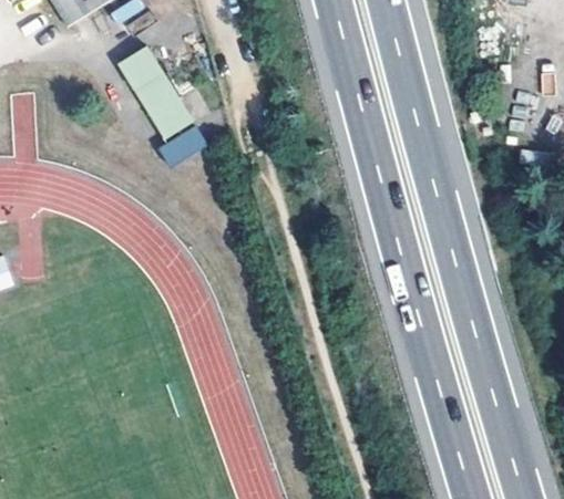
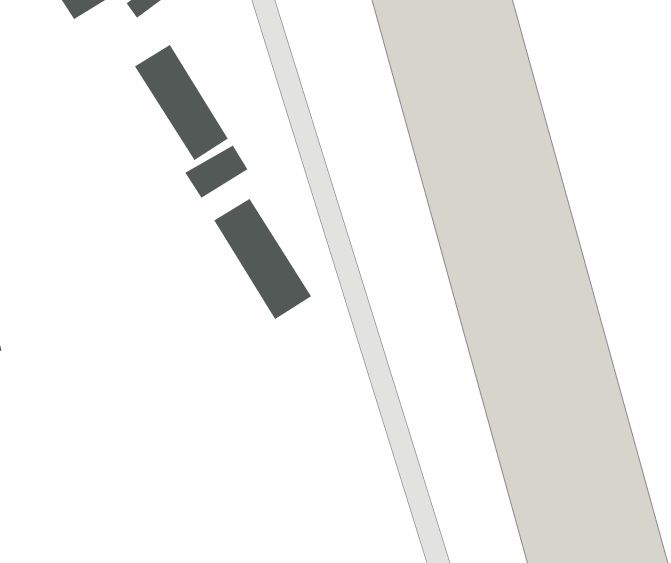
building: none -> [213,198,312,320]

